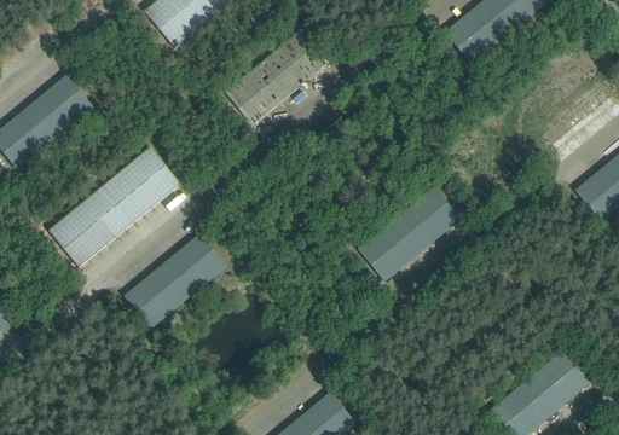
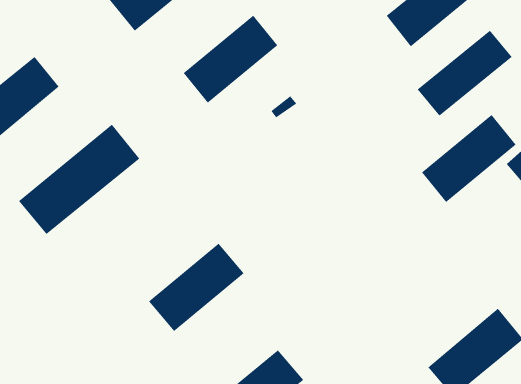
building: none -> [417,30,512,117]
building: [358,186,461,282] -> [421,114,516,203]
building: [123,233,227,329] -> [148,243,245,332]

